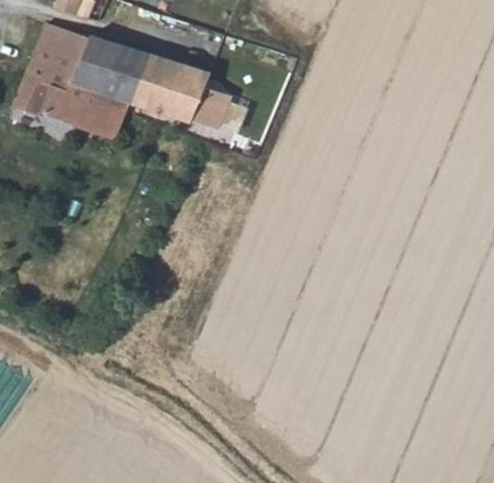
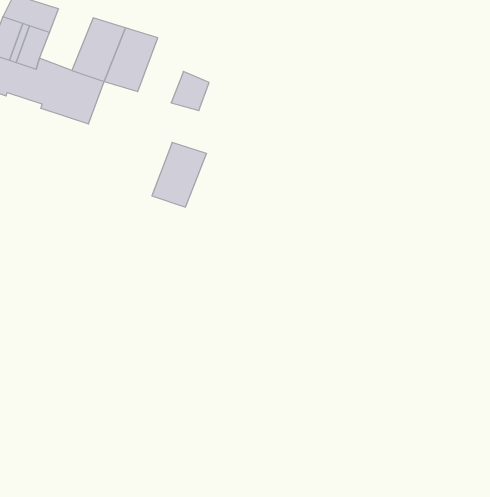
building: [72,34,120,92] -> none
building: [161,63,210,121] -> [152,142,207,207]

